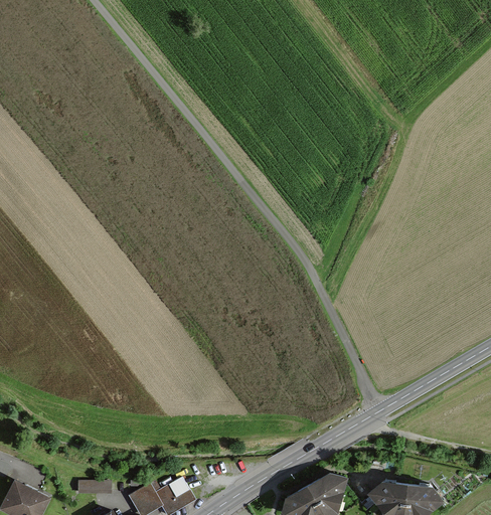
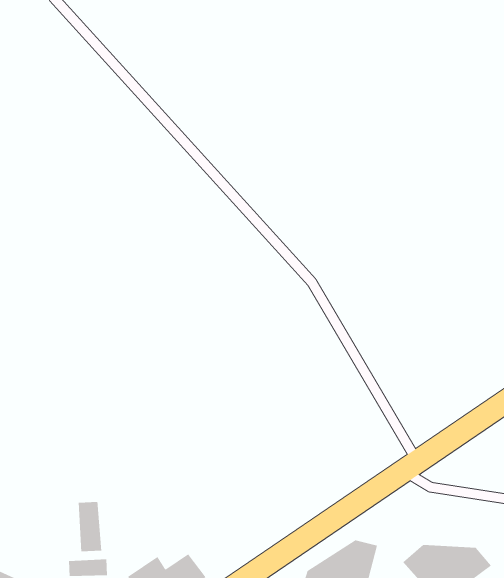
building: none -> [78,501,102,552]

